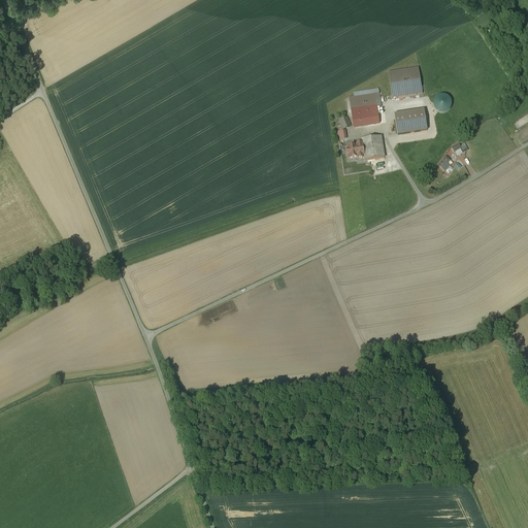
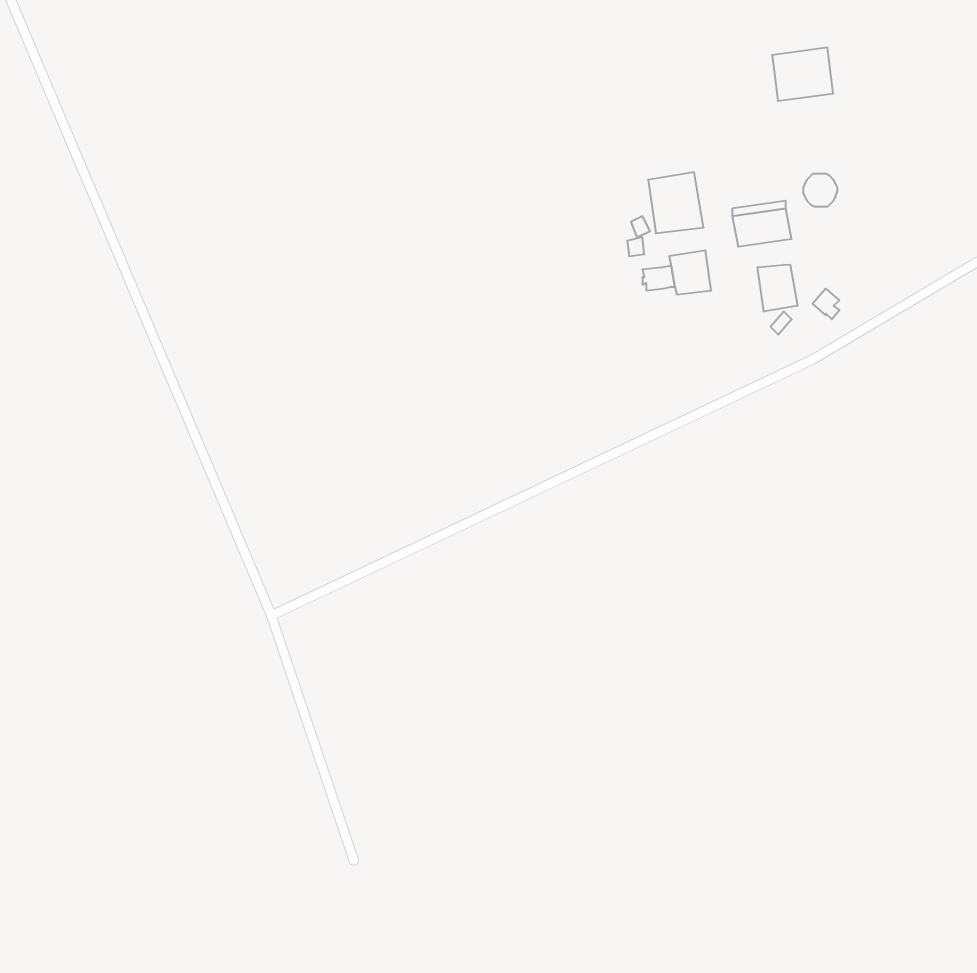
building: [389,67,422,96] -> [772,47,833,101]
building: none -> [757,265,797,312]

